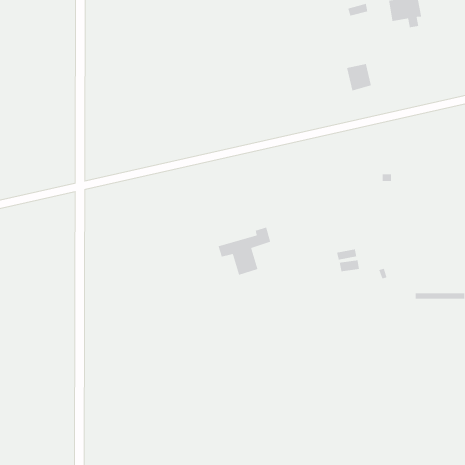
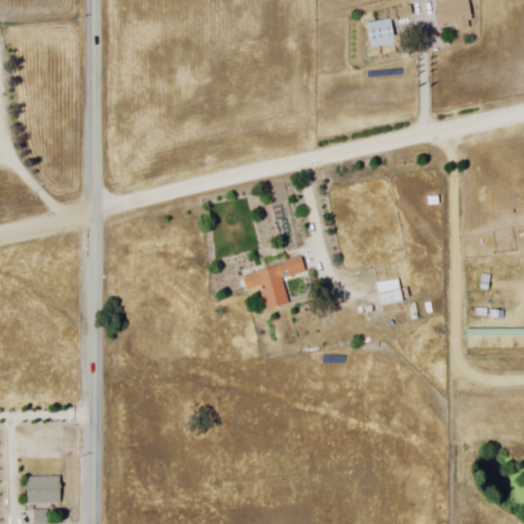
building: [346,63,372,91] -> [366,17,395,49]
building: none -> [27,476,60,504]

